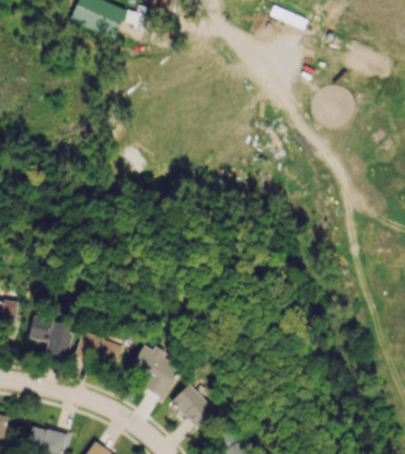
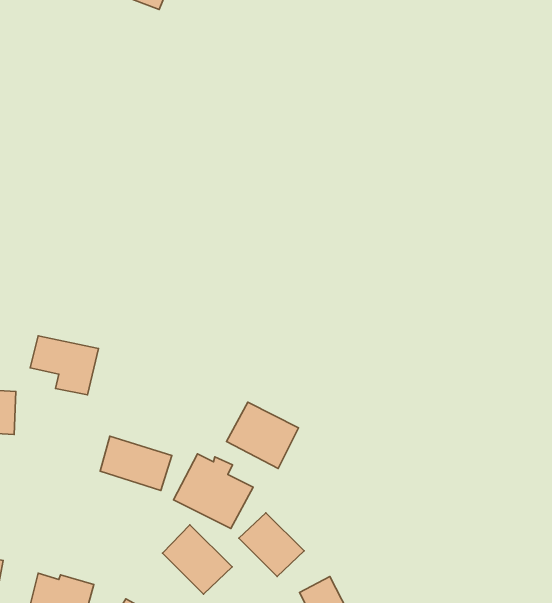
building: none -> [226,402,298,468]
building: [28,316,76,357] -> [30,336,99,395]
building: none -> [163,525,232,594]

